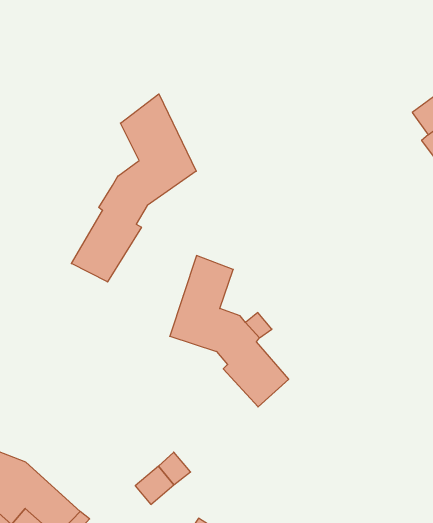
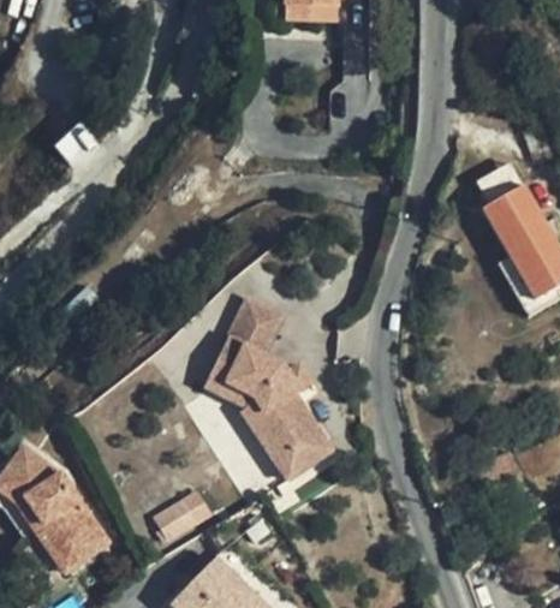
building: [71,94,196,282] -> none
building: none -> [205,374,334,476]

